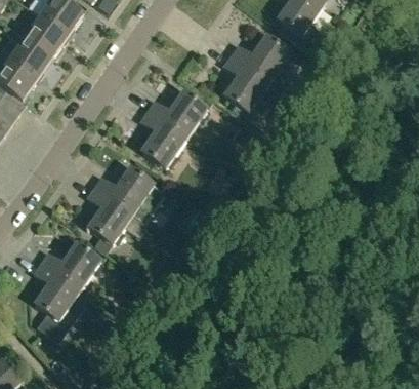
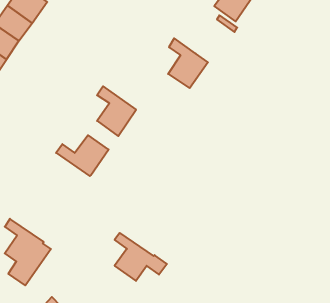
building: [229,36,289,83] -> none
building: [148,91,206,138] -> none
building: [87,188,148,243] -> [115,233,167,281]
building: [40,243,100,290] -> none

